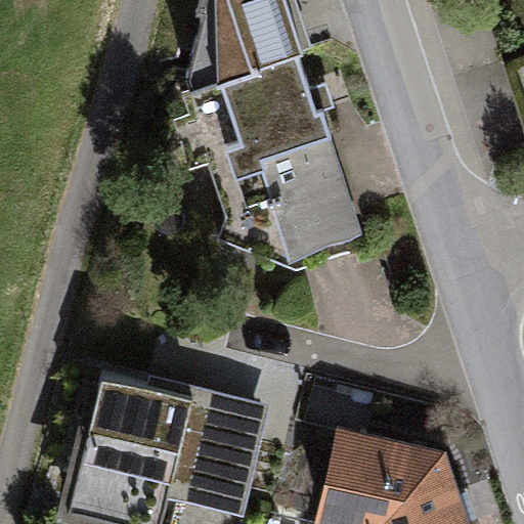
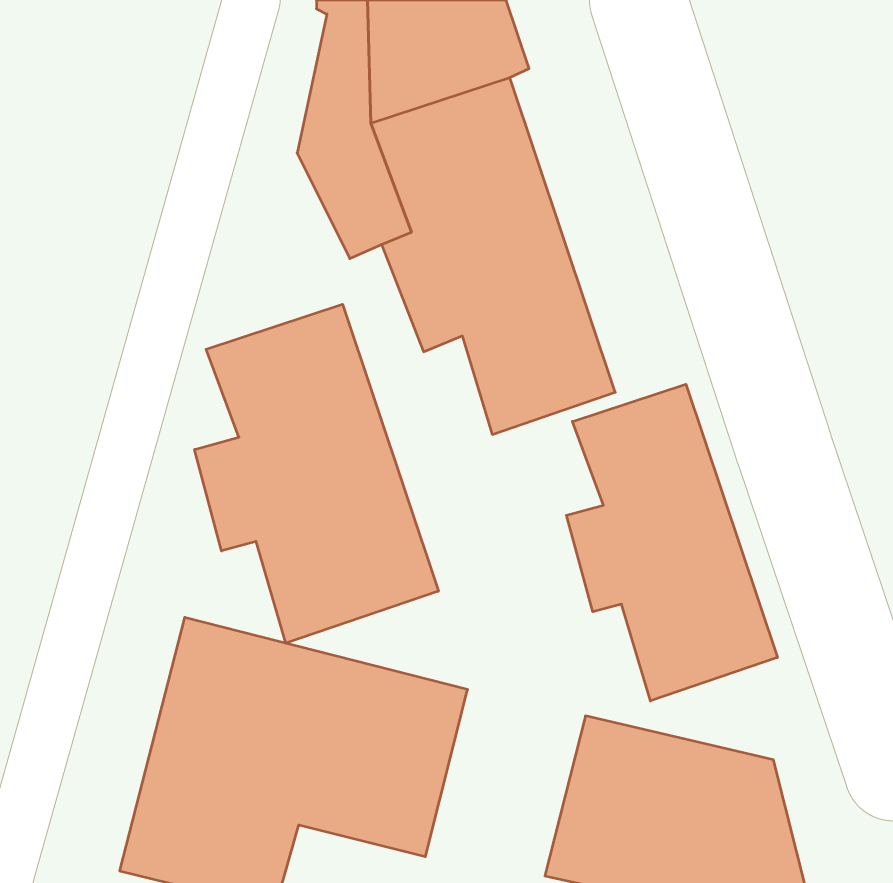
building: none -> [195,304,438,643]
building: none -> [566,384,777,701]

